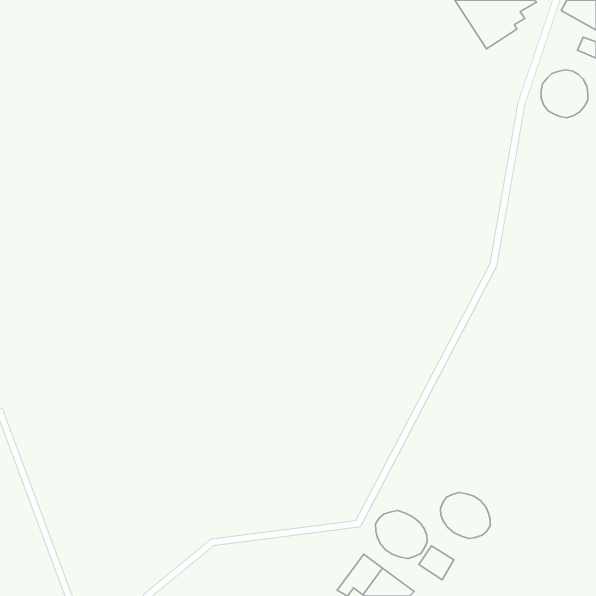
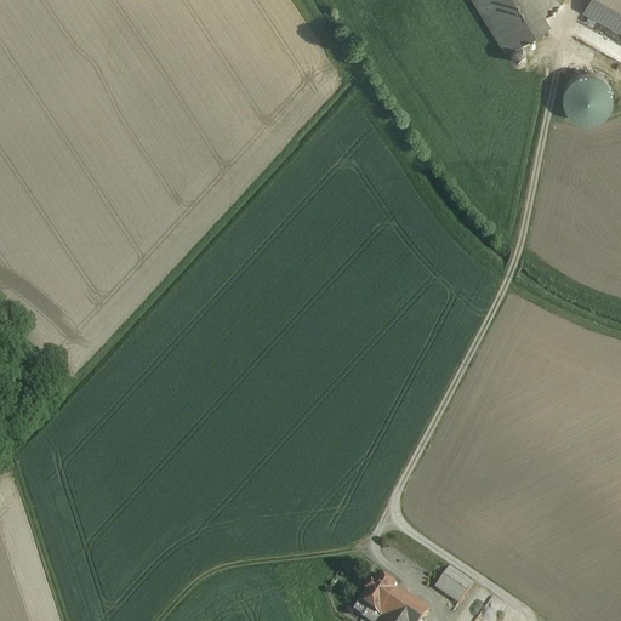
building: [441,492,490,539] -> none
building: [376,511,427,559] -> none

